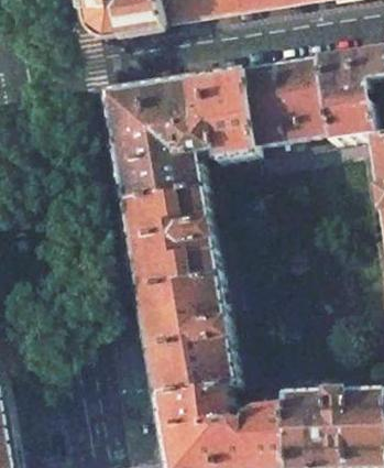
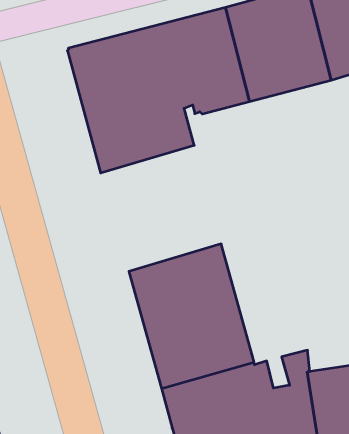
building: [119,193,217,296] -> none

